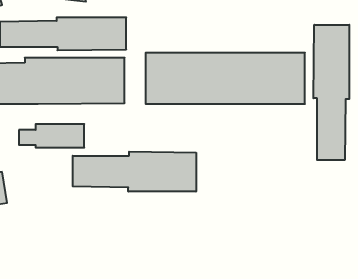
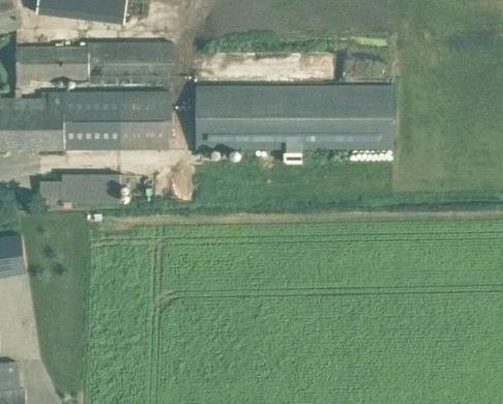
building: [313,25,349,160] -> none
building: [73,152,196,192] -> none

